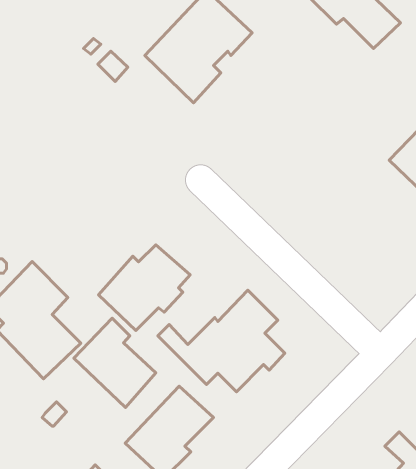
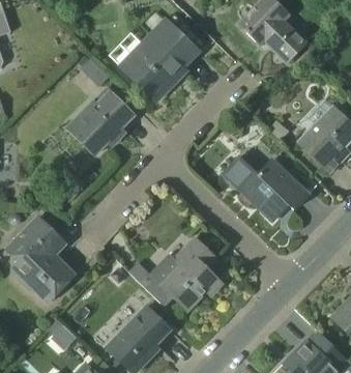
building: none -> [224,156,309,221]
building: [99,245,190,331] -> [68,93,135,155]
building: [74,318,156,407] -> none

